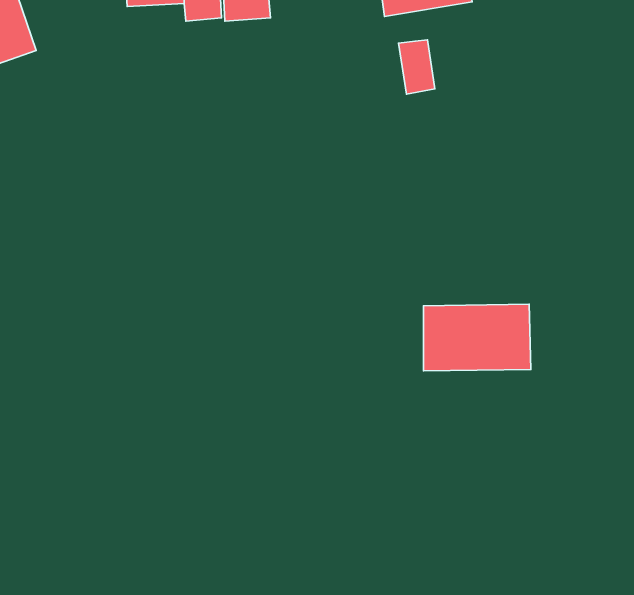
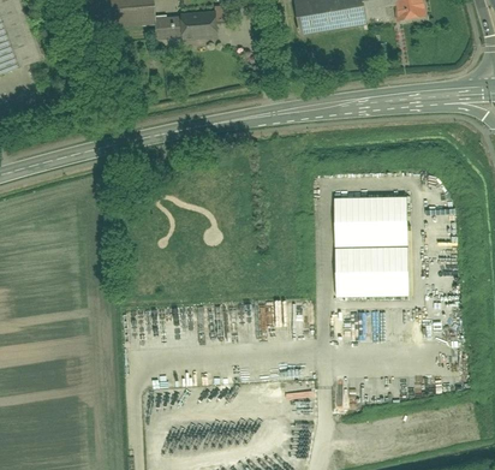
building: [399,40,435,94] -> none
building: none -> [329,197,408,249]

